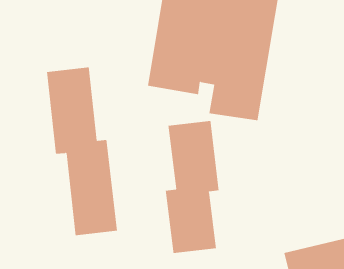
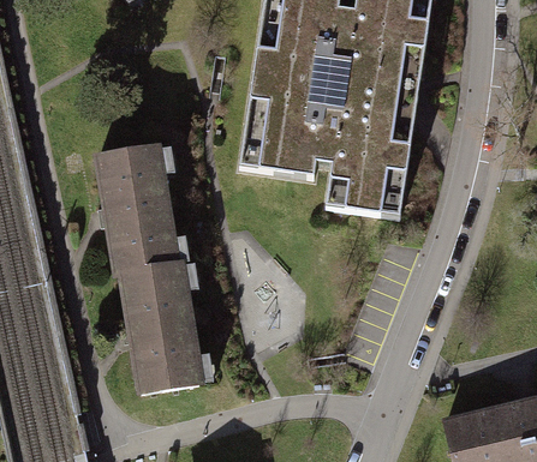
building: [165,120,219,254] -> none

